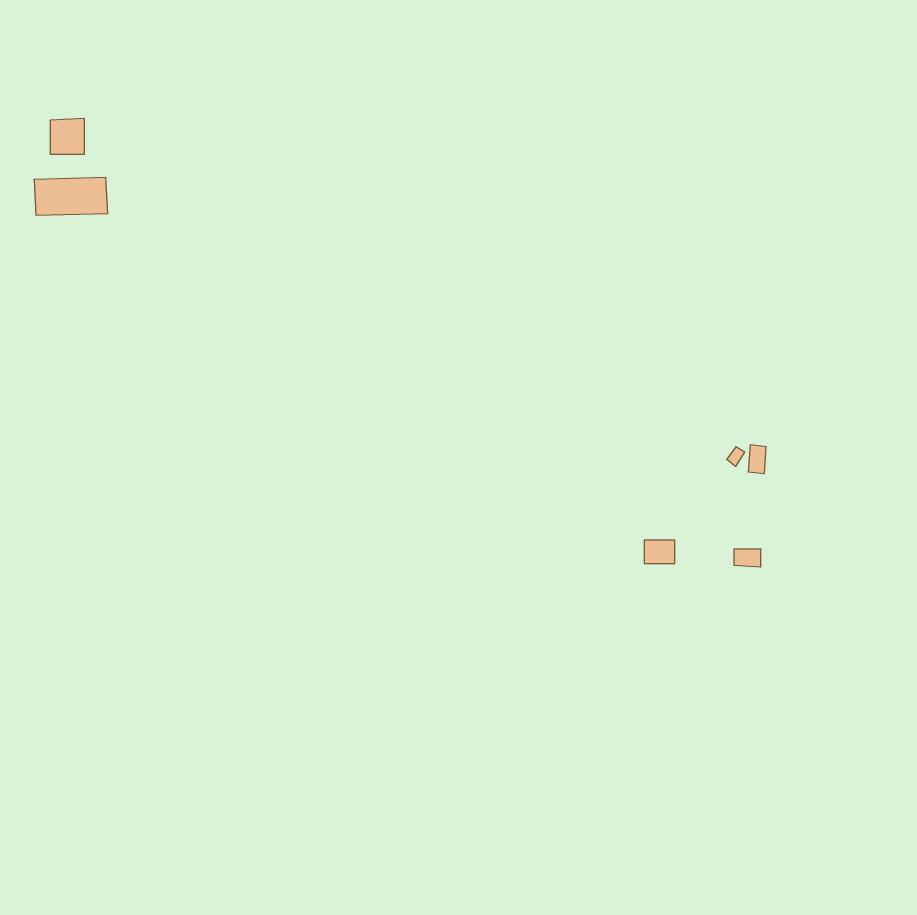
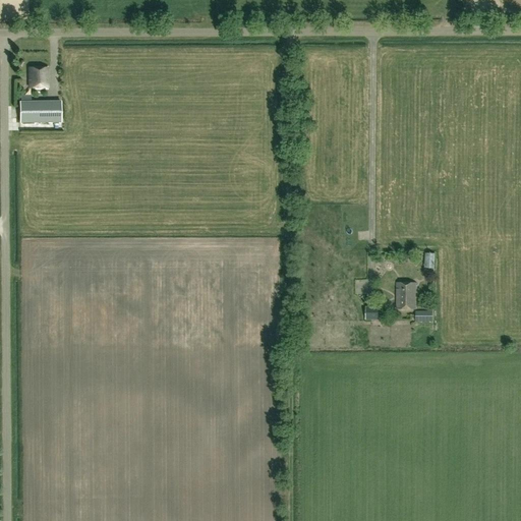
building: none -> [396,282,415,309]

